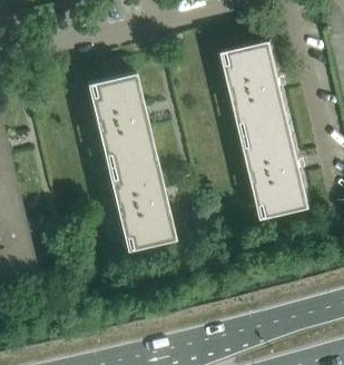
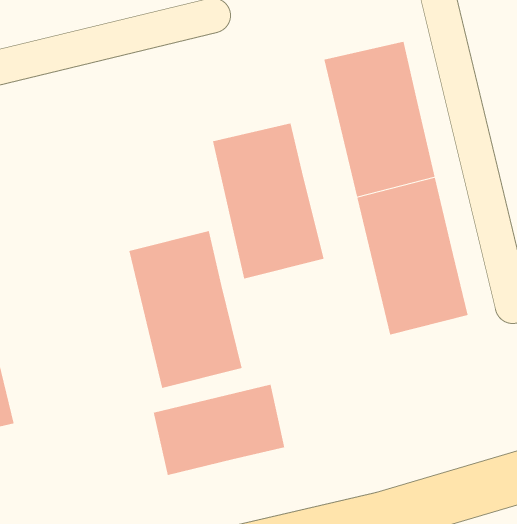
building: [87,73,155,168] -> [212,123,324,279]
building: none -> [153,384,285,476]

